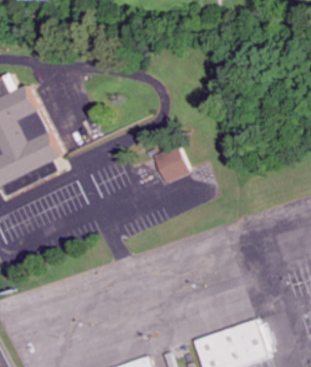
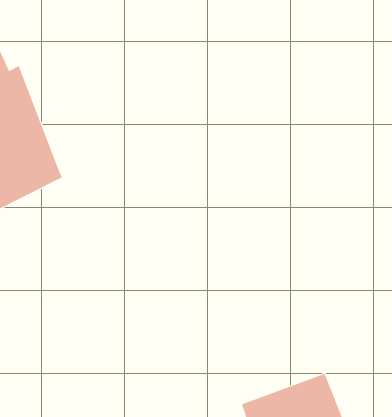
building: [152,146,188,181] -> none

